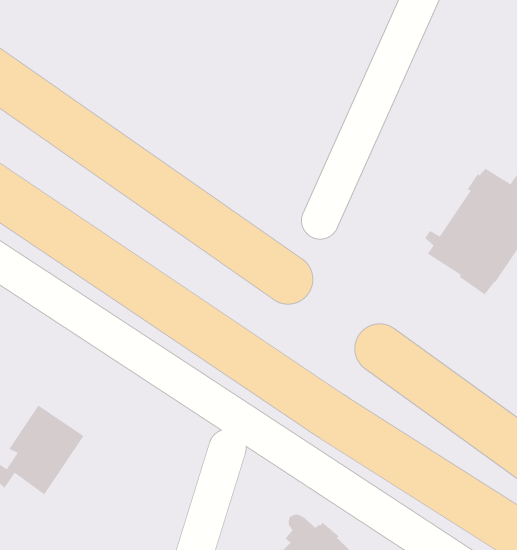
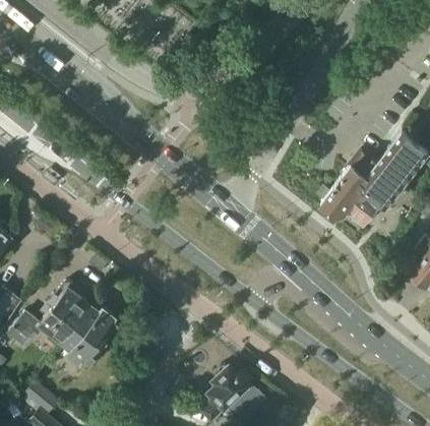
building: none -> [63,306,115,369]

